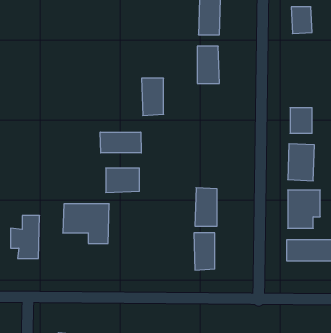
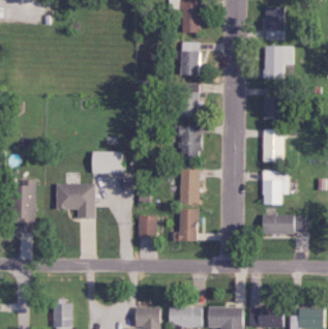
building: none -> [262,46,292,79]
building: [142,78,164,115] -> [178,84,198,117]
building: [100,132,141,153] -> none
building: none -> [176,125,198,158]
building: none -> [141,215,159,237]

